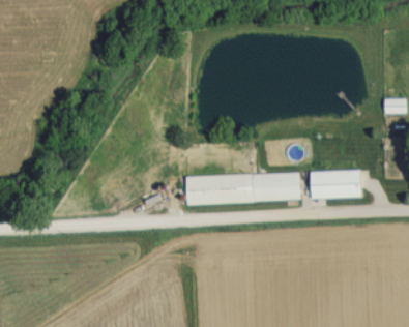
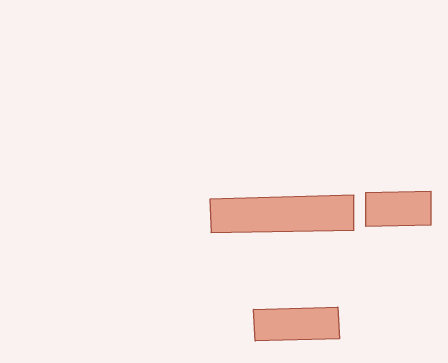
building: none -> [254,307,339,341]

